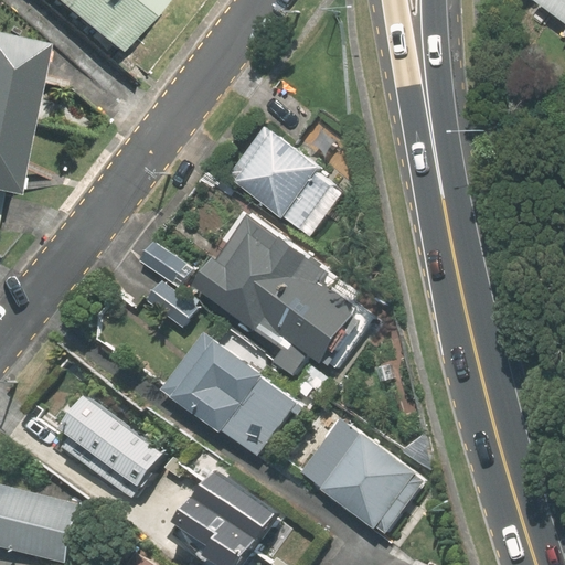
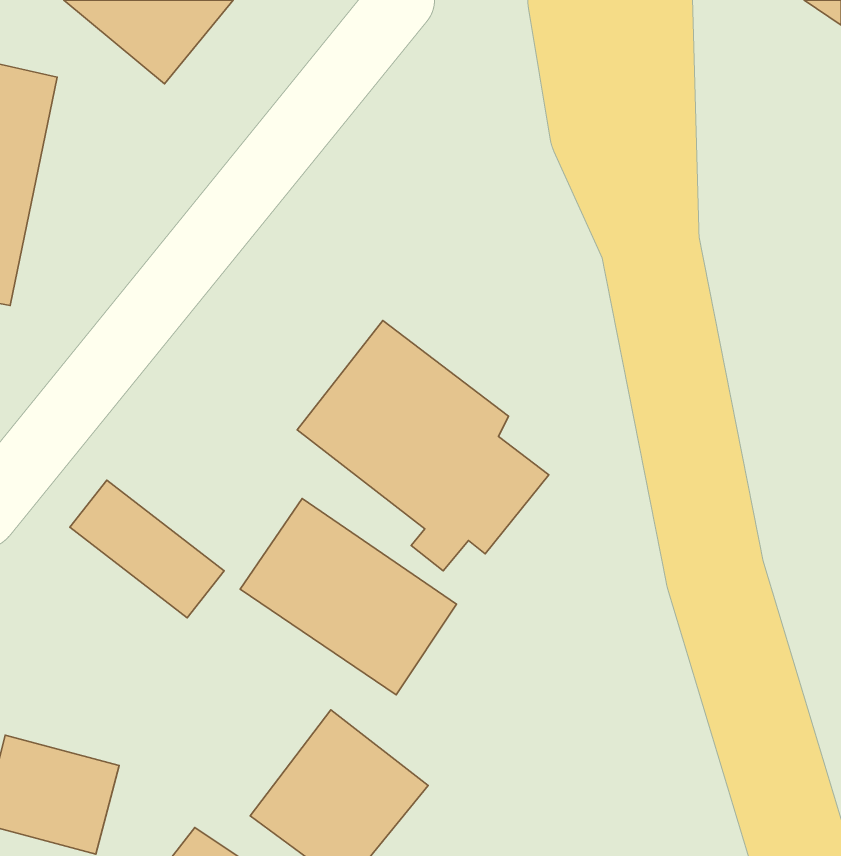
building: [221,122,339,236] -> none
building: [63,394,164,484] -> [70,480,224,618]
building: [296,409,436,541] -> none

